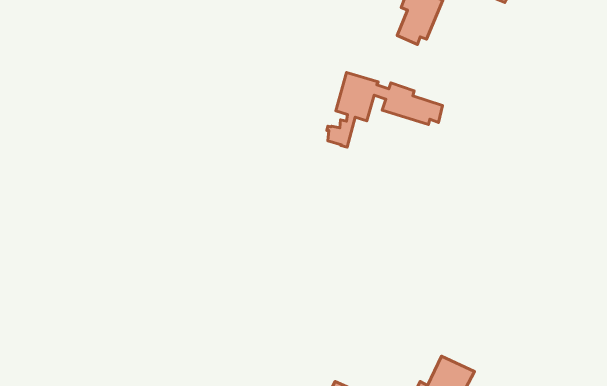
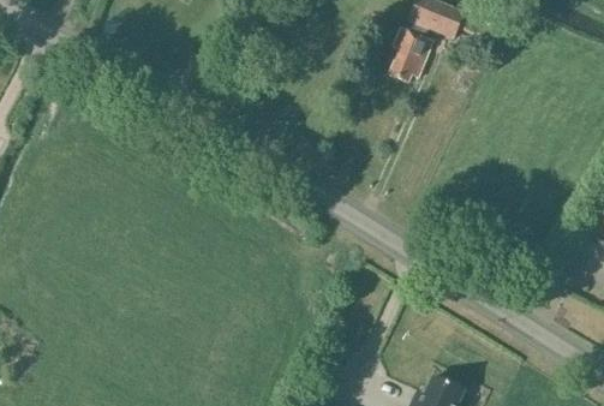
building: [327,72,442,147] -> none

